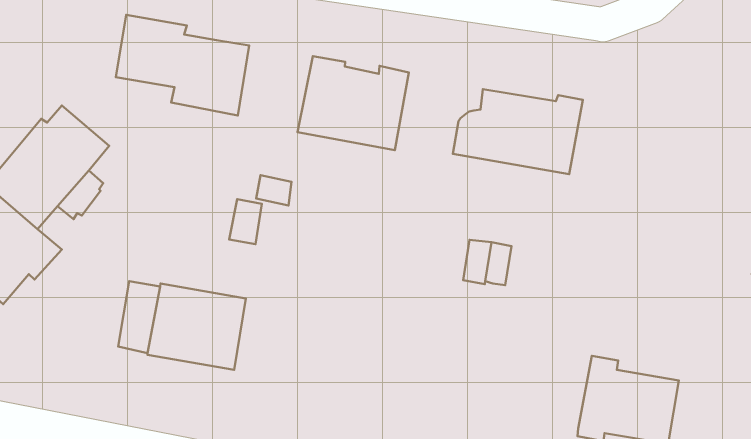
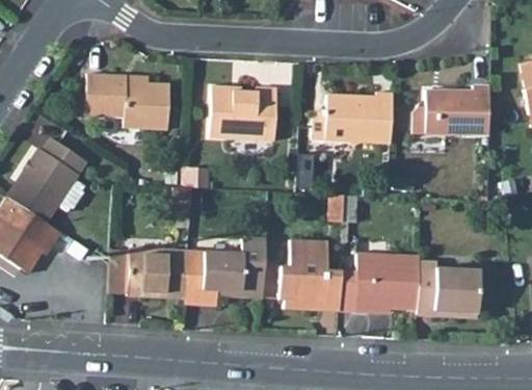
building: none -> [413,85,490,135]
building: none -> [185,238,266,305]
building: none -> [278,239,341,311]
building: none -> [354,253,420,312]

